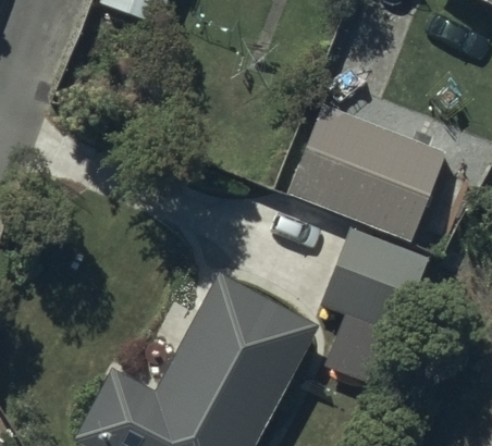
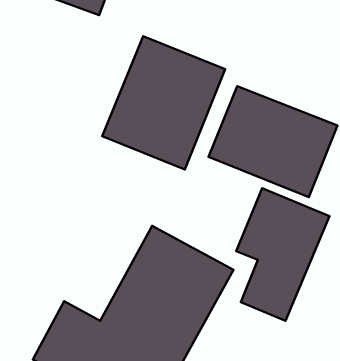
building: none -> [102,36,225,169]

